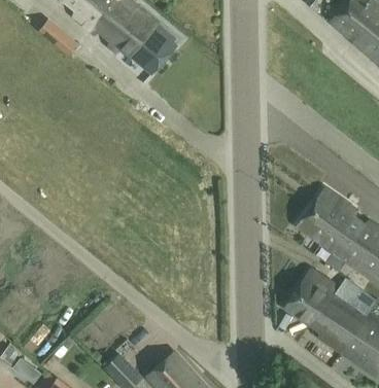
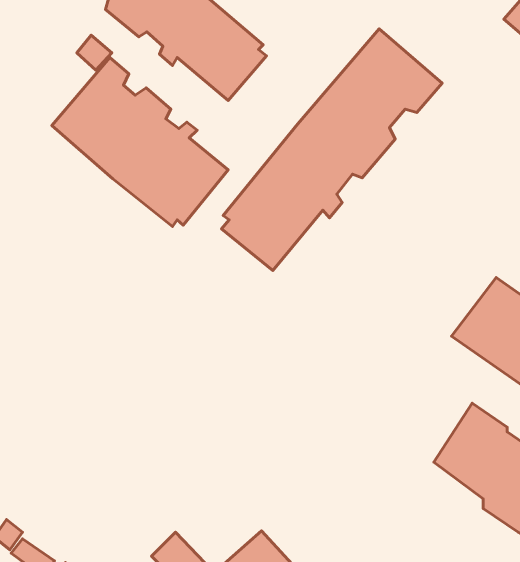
building: none -> [221,29,442,271]
building: none -> [52,57,228,227]

